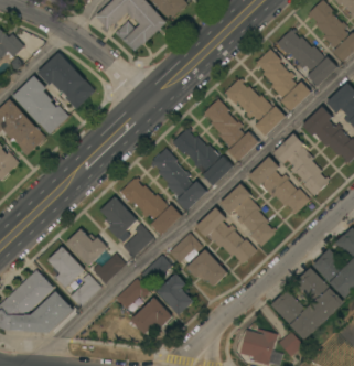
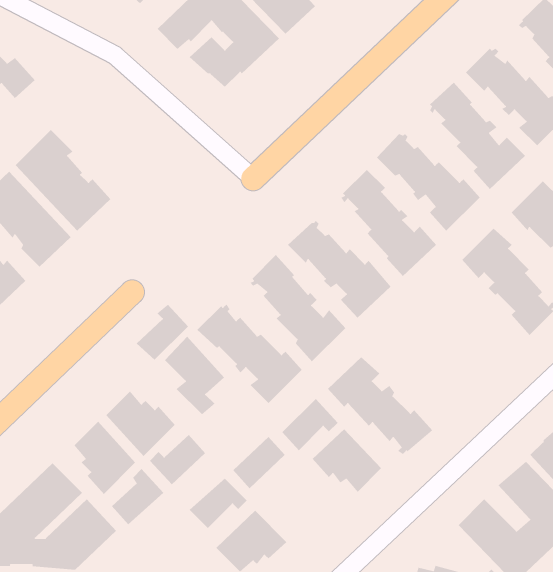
building: [37,53,96,110] -> none
building: [248,155,310,214] -> none
building: [219,184,276,247] -> none
building: [121,224,152,257] -> [136,304,189,361]
building: [155,273,193,315] -> none

